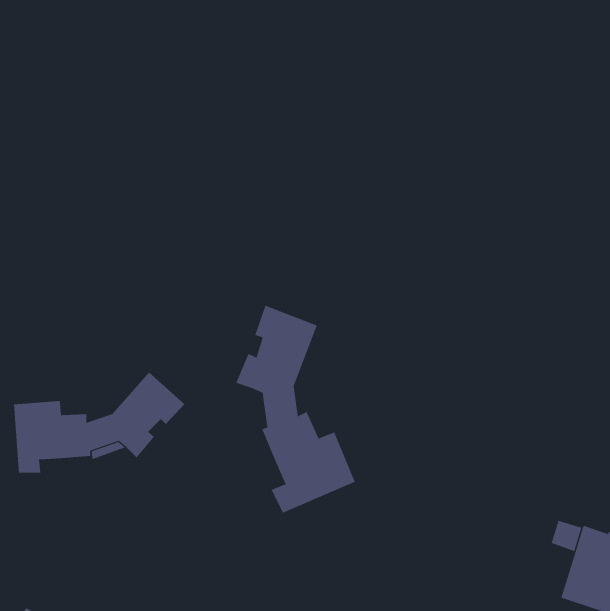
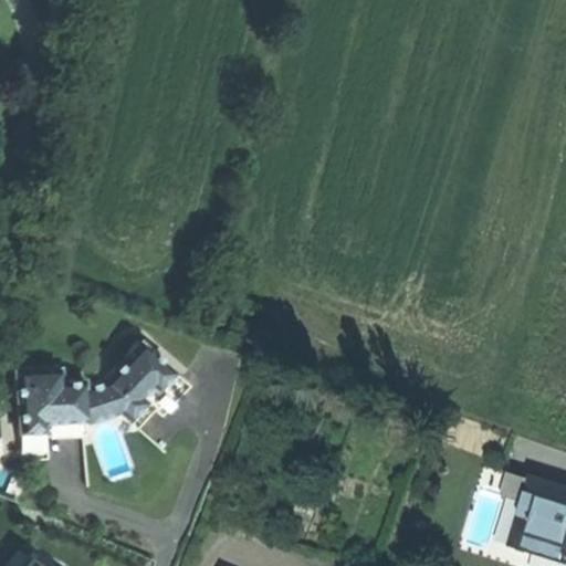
building: [235,305,355,513] -> none

